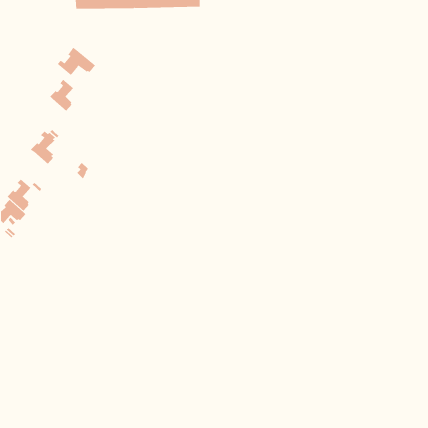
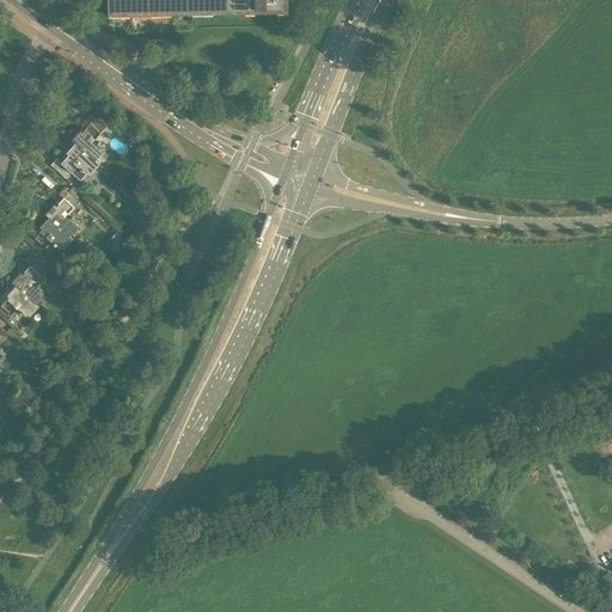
building: [57,47,96,76] -> none
building: none -> [51,141,99,180]
building: none -> [24,216,73,252]

